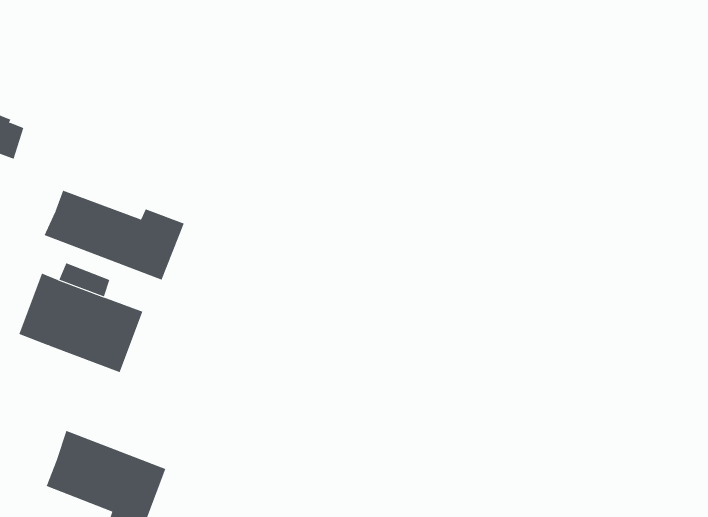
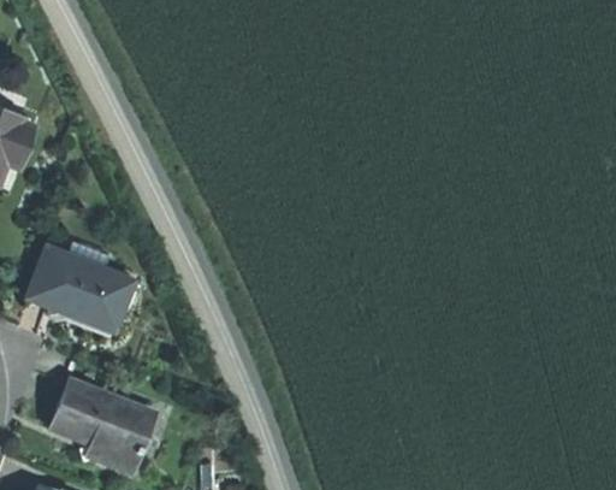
building: [44,190,184,280] -> none

